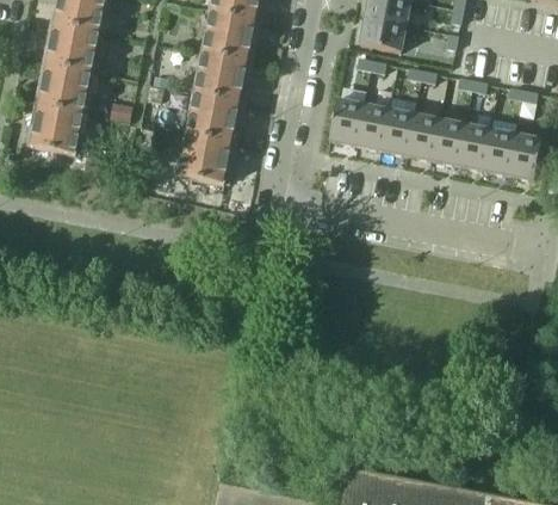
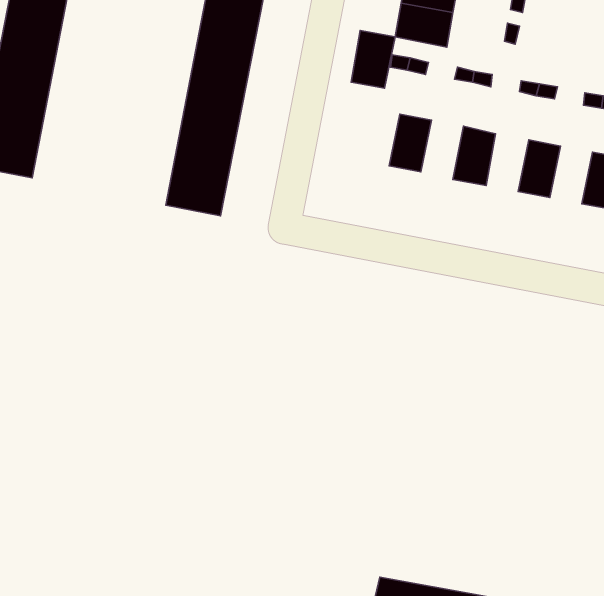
building: [329,99,364,144] -> [351,31,395,88]
building: [380,109,414,155] -> none
building: [432,119,465,165] -> none
building: [482,129,515,174] -> none

